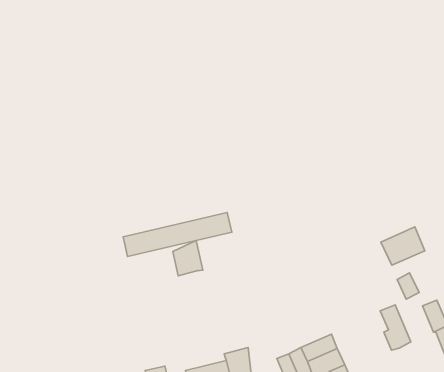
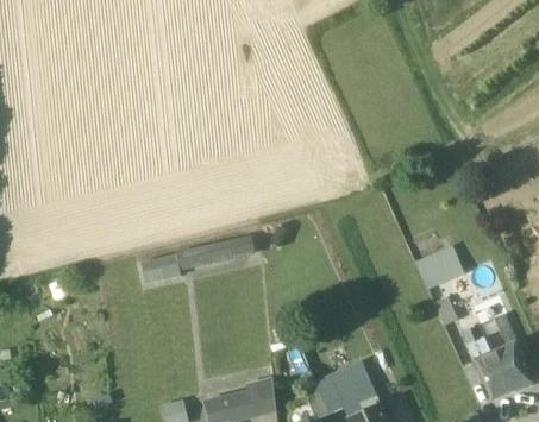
building: [173,241,203,276] -> none
building: [380,305,411,350] -> none

